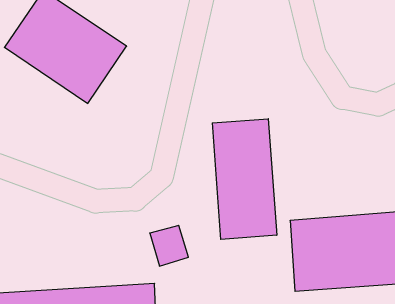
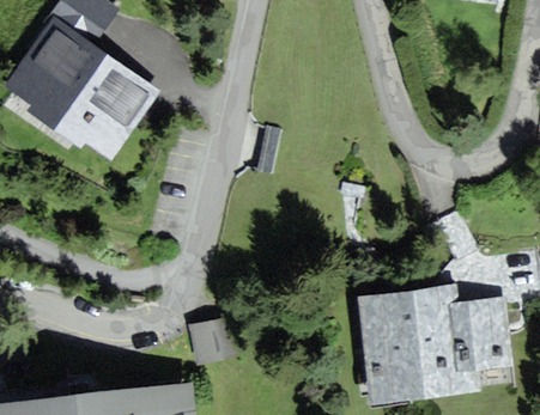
building: [212,119,277,239] -> none

